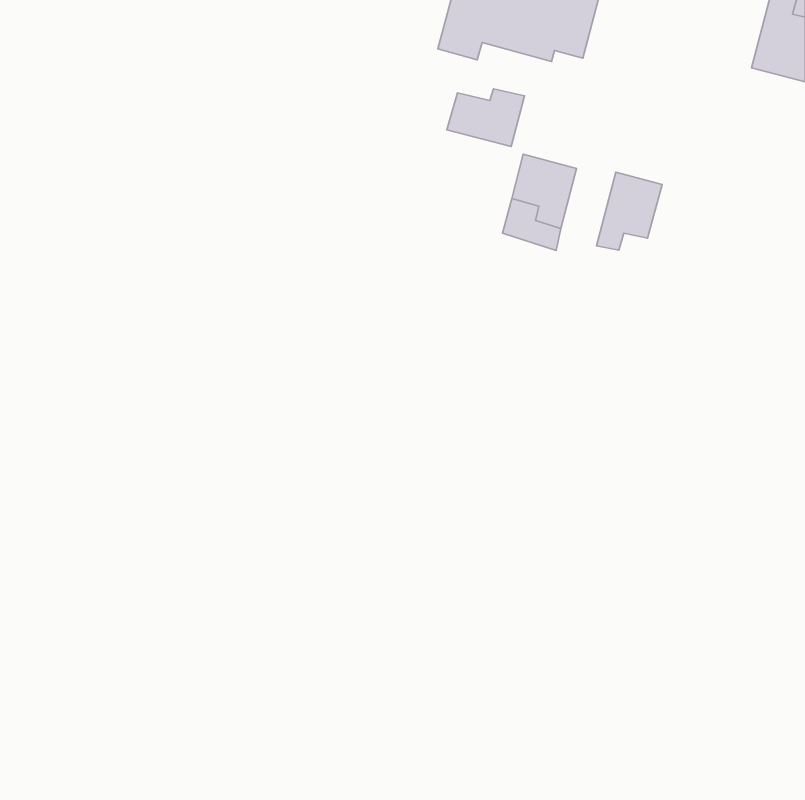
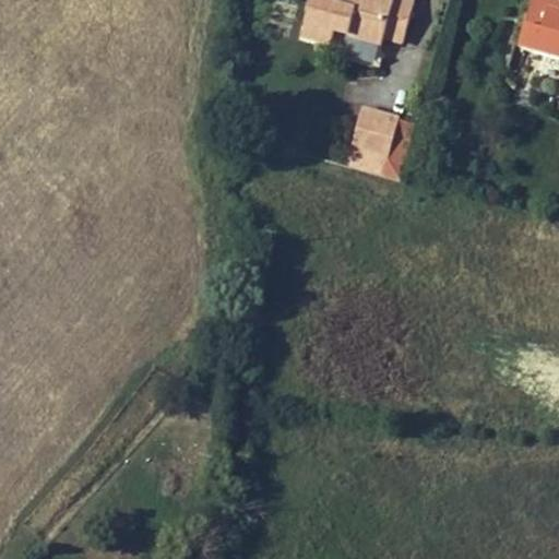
building: [447,89,524,147] -> none
building: [597,172,662,250] -> none

